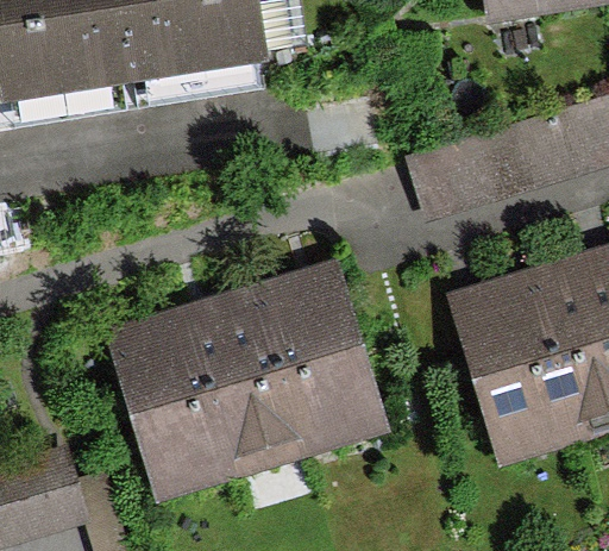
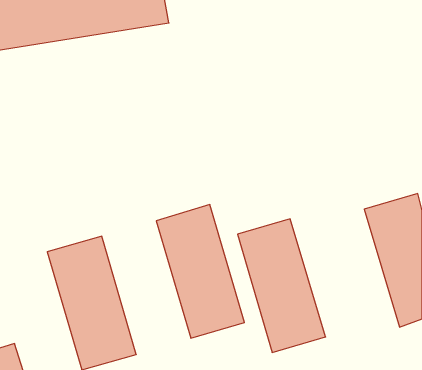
building: [463,283,578,458] -> [238,219,326,352]
building: [188,299,304,474] -> none

